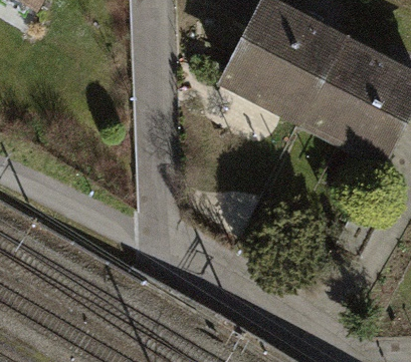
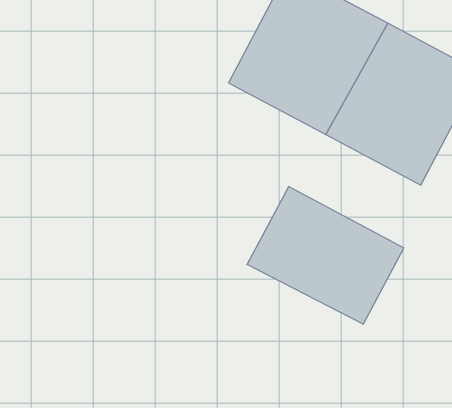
building: none -> [247,186,404,324]

